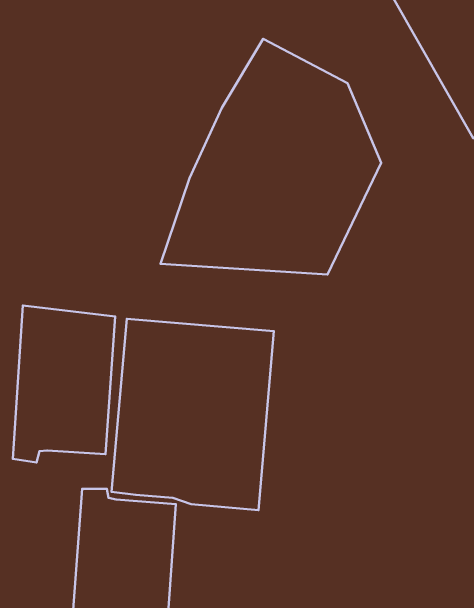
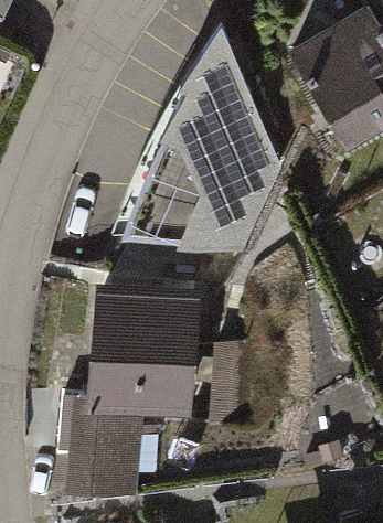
building: [13,305,115,463] -> none

